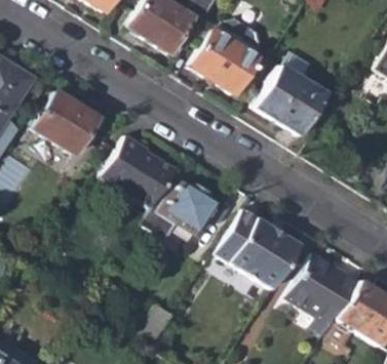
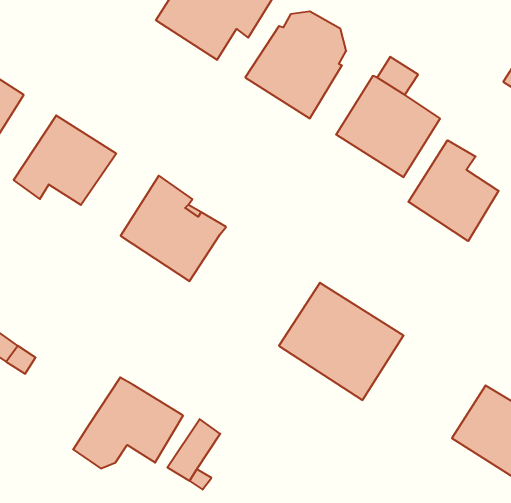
building: none -> [408,140,499,241]
building: [142,175,219,239] -> [73,377,183,468]
building: [288,253,360,336] -> none

